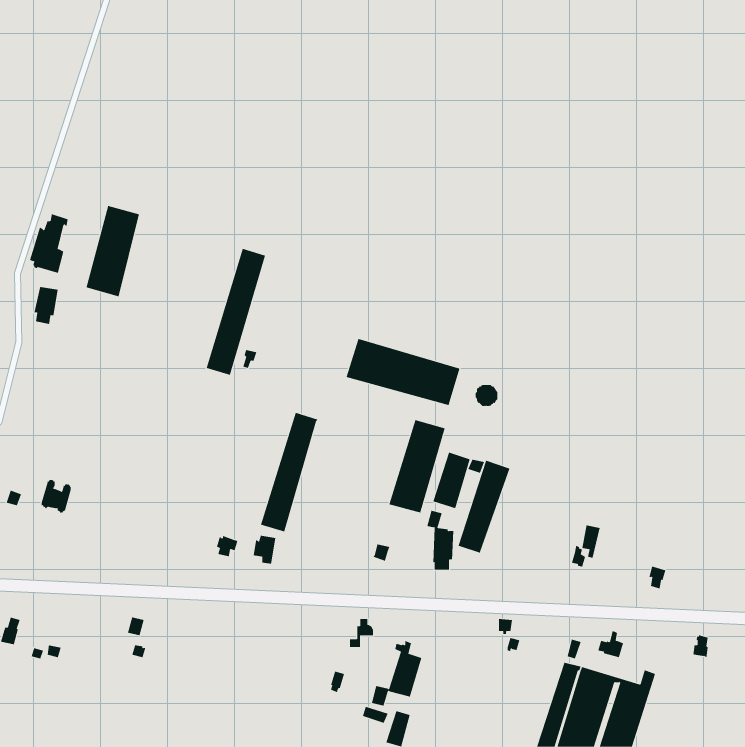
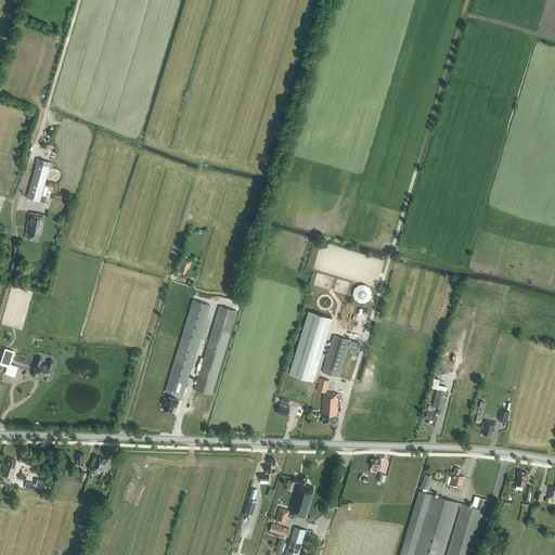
building: [86,205,140,297] -> none
building: [206,248,266,375] -> [165,299,209,393]
building: [346,338,460,406] -> none
building: [458,460,510,554] -> none

